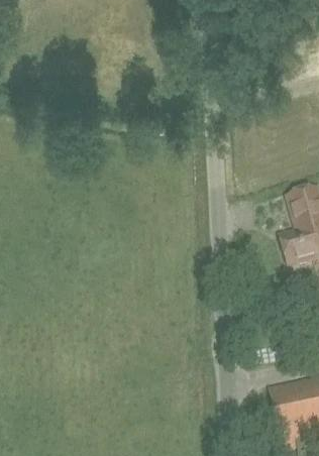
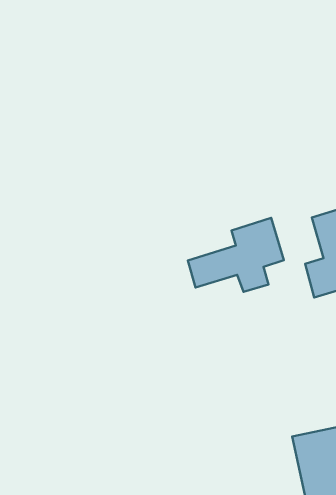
building: none -> [188,218,284,292]

